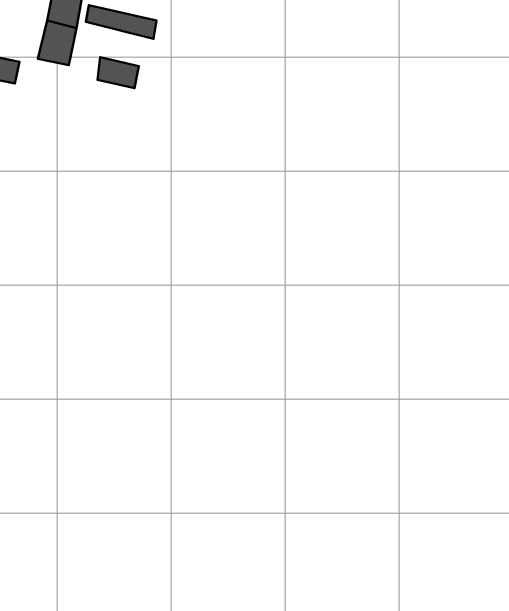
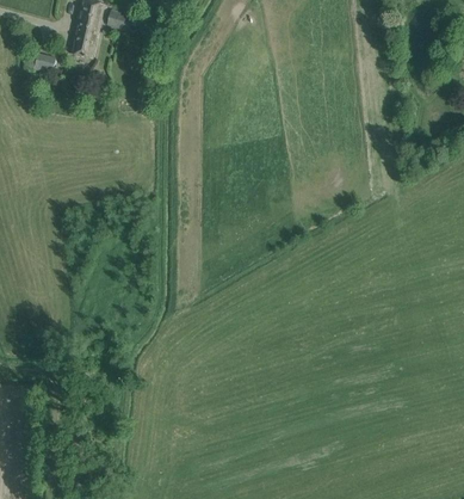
building: [98,57,139,88] -> none

